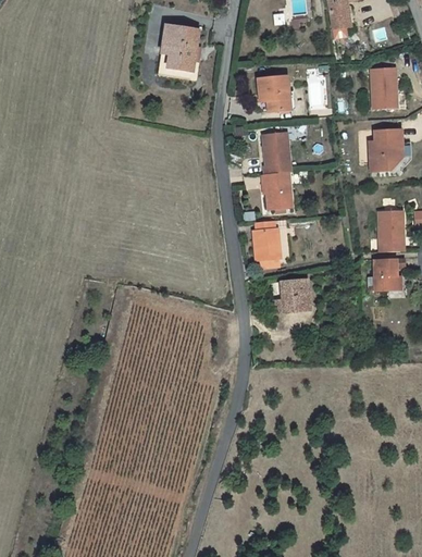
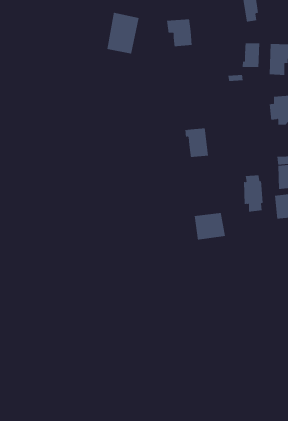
building: none -> [242,43,260,68]
building: [257,76,290,112] -> [166,19,192,47]
building: [263,133,290,175] -> none
building: [255,224,281,272] -> [243,175,263,212]

